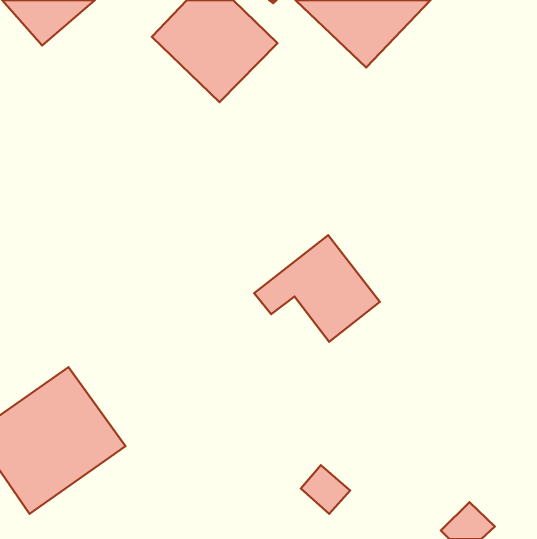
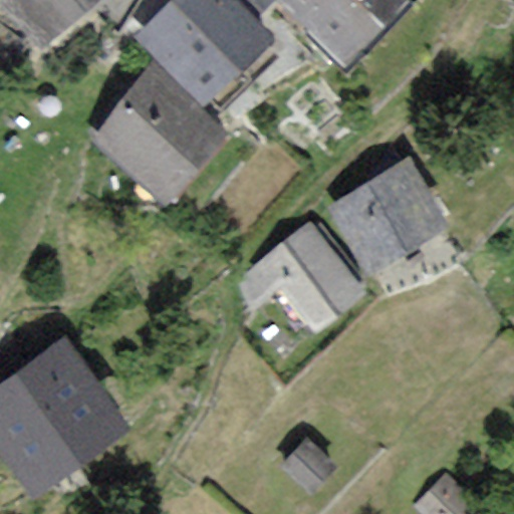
building: none -> [101,78,219,195]
building: none -> [333,167,444,269]

